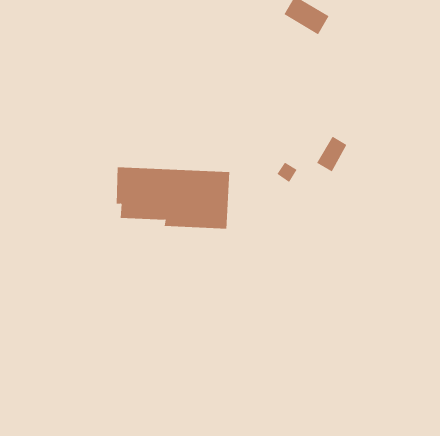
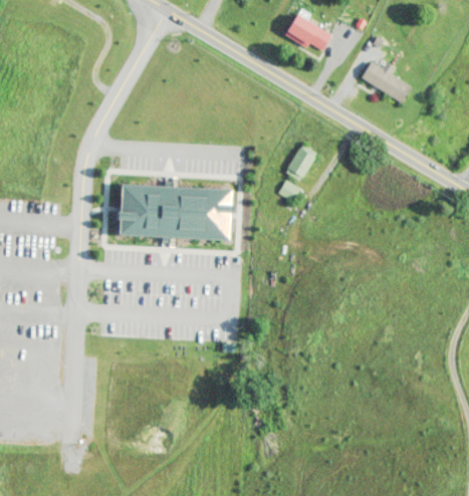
building: none -> [362,57,412,101]
building: [316,136,347,172] -> [285,144,316,180]

